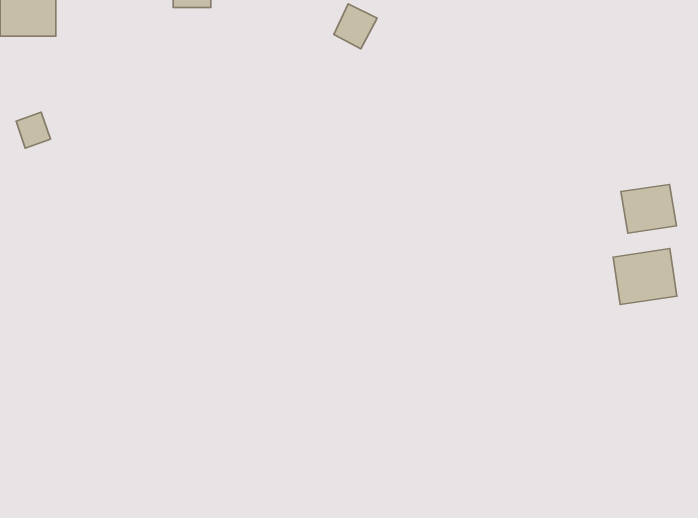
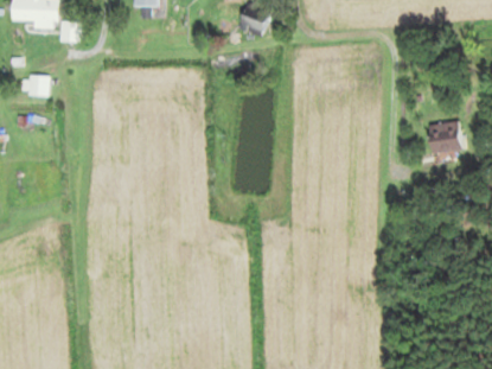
building: [613,249,677,304] -> none

